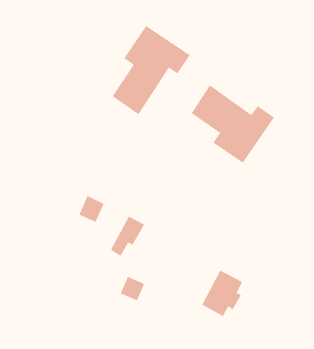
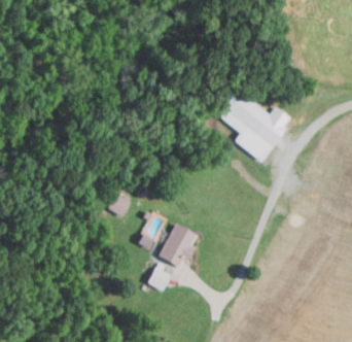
building: [112,25,191,115] -> none
building: [201,270,243,317] -> [157,224,197,268]

